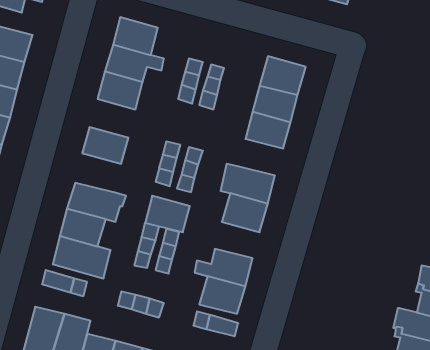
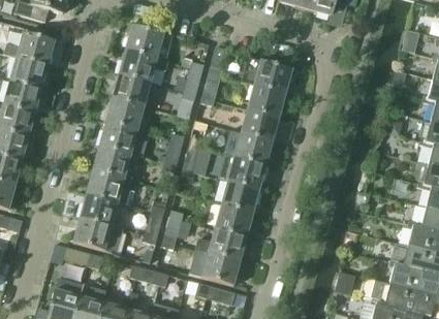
building: none -> [104,96,145,130]
building: none -> [233,131,274,163]
building: none -> [92,143,132,178]
building: [145,196,190,232] -> [214,203,253,235]

